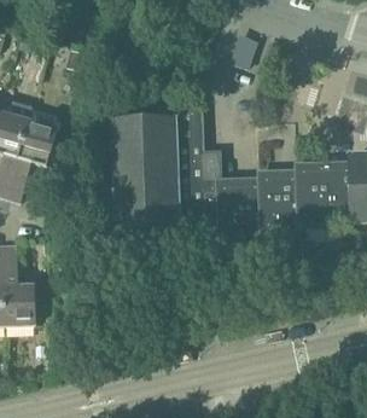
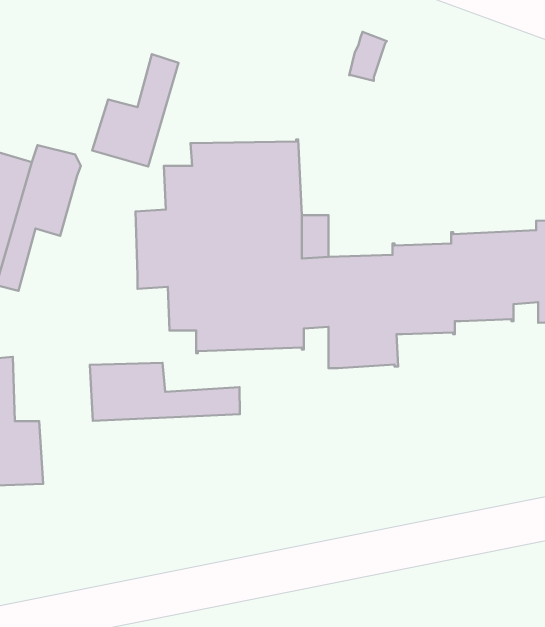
building: none -> [92,54,178,167]
building: none -> [90,363,240,421]

